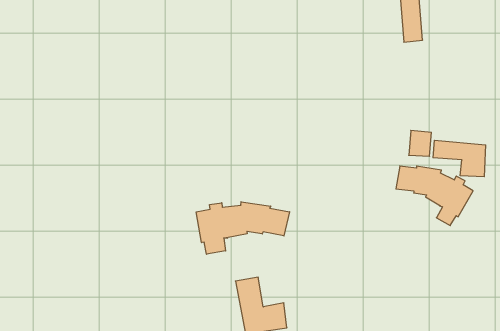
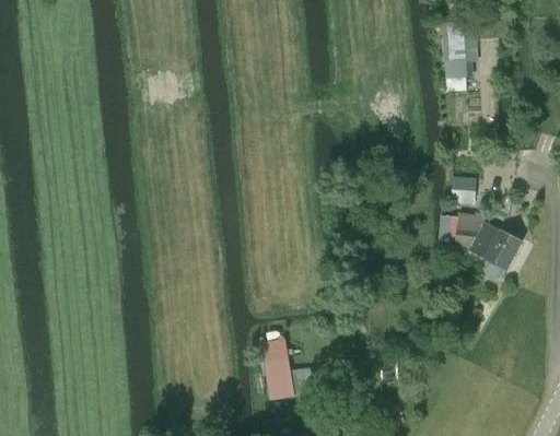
building: [433,140,486,177] -> none
building: [196,202,290,254] -> none

